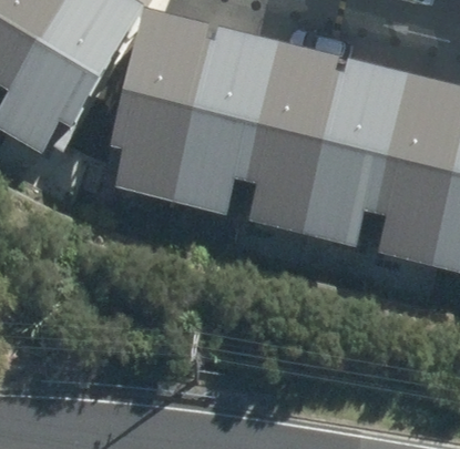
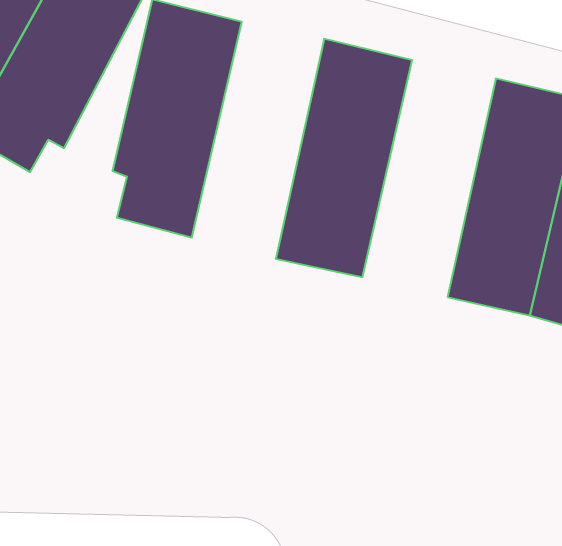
building: [170,32,273,217] -> none
building: [303,62,407,247] -> none

